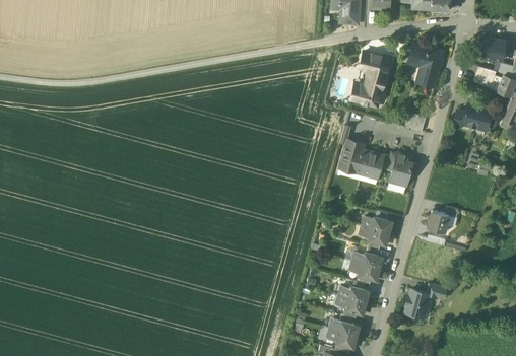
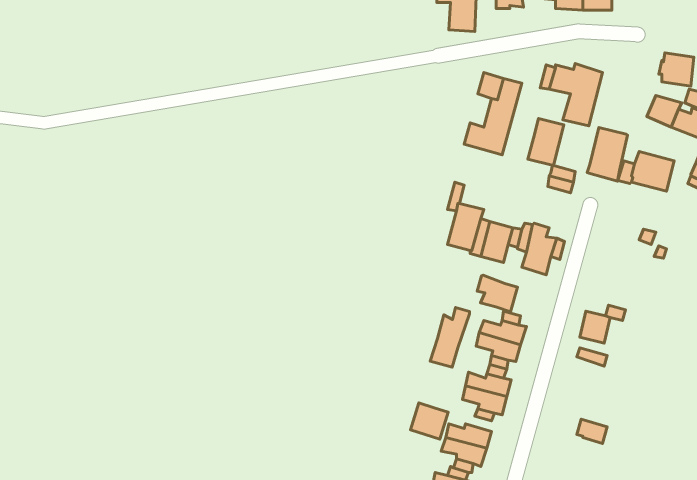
building: none -> [528,118,564,166]
building: none -> [587,127,628,181]
building: none -> [477,275,517,312]
building: none -> [430,308,470,367]
building: none -> [410,403,448,439]
building: [404,289,430,317] -> none

